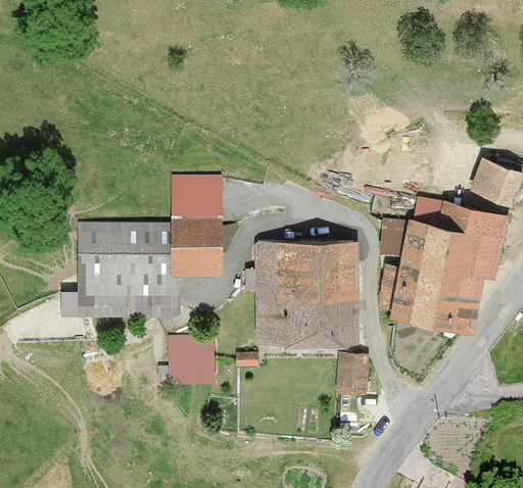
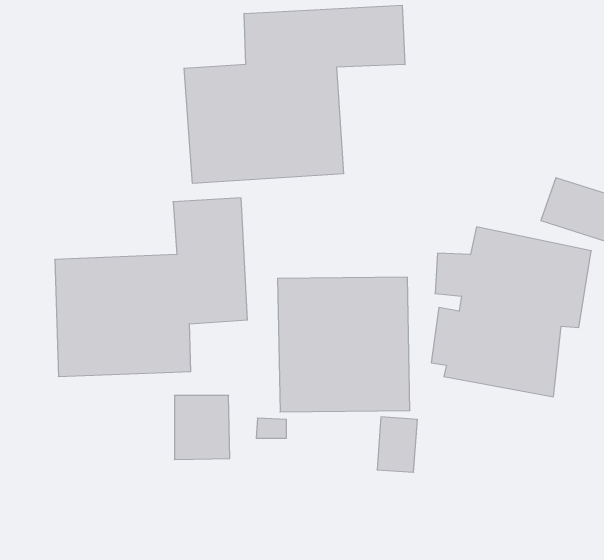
building: none -> [184,5,405,183]

